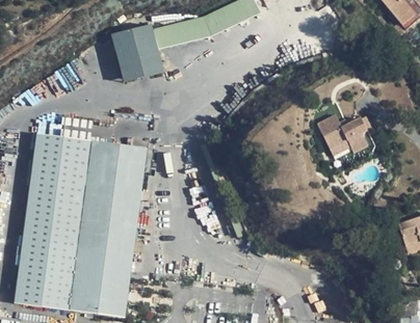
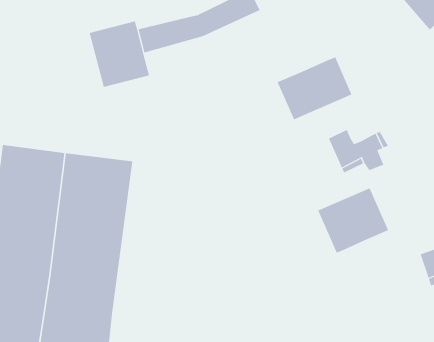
building: none -> [277,56,352,120]
building: none -> [318,187,389,253]

